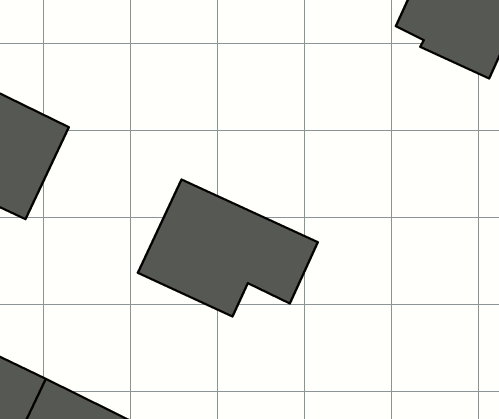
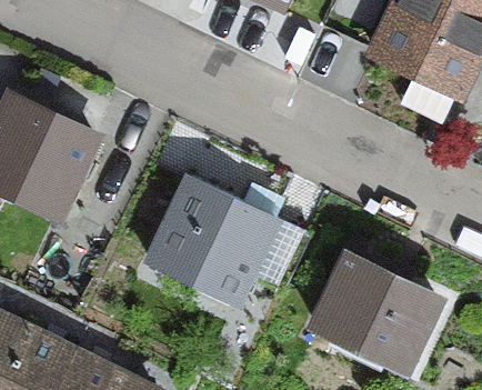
building: none -> [314,256,433,367]

